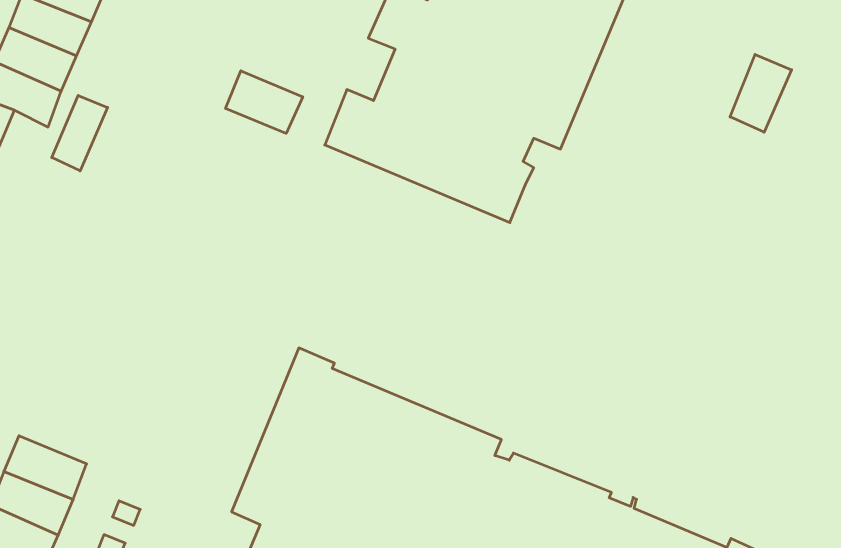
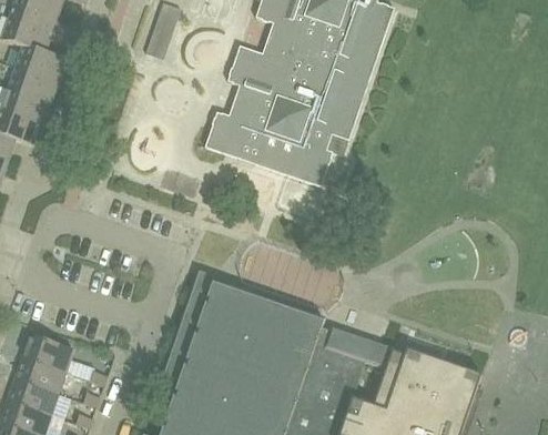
building: [730,54,792,132] -> none
building: [226,71,303,133] -> none
building: [52,95,108,171] -> none

